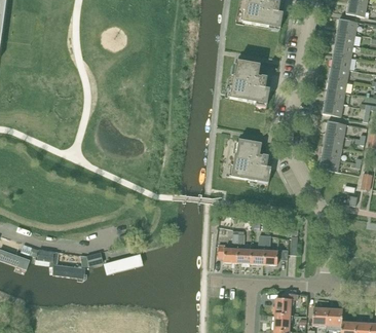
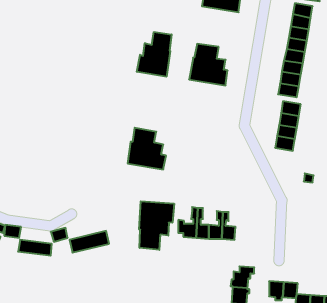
building: none -> [137,32,172,77]
building: [231,138,271,181] -> [128,128,166,169]
building: none -> [139,201,174,250]

